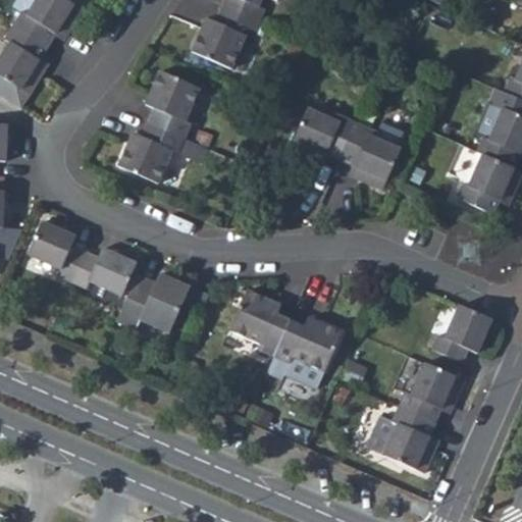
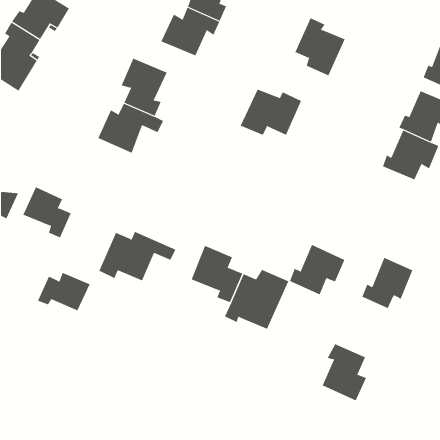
building: [340,119,400,189] -> [294,18,345,76]
building: [72,248,136,294] -> [37,272,91,311]
building: [397,362,463,422] -> [289,244,345,295]

